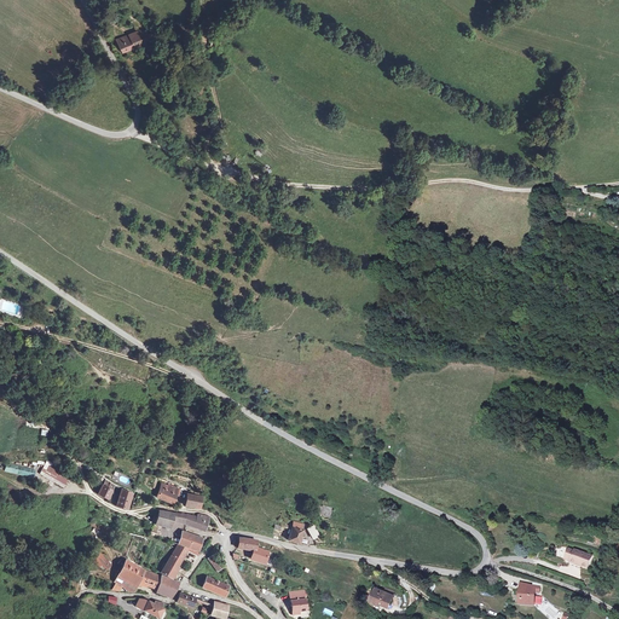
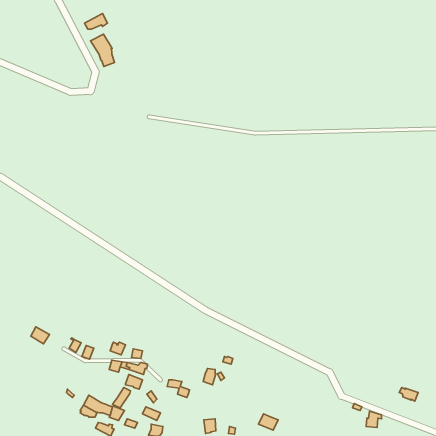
building: none -> [90,34,115,66]

